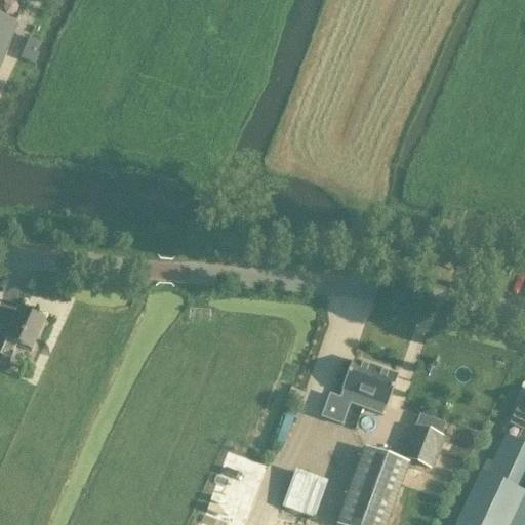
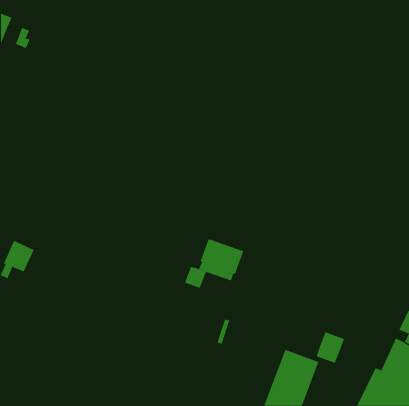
building: [322,358,399,422] -> [184,238,244,289]
building: [283,470,326,515] -> none

